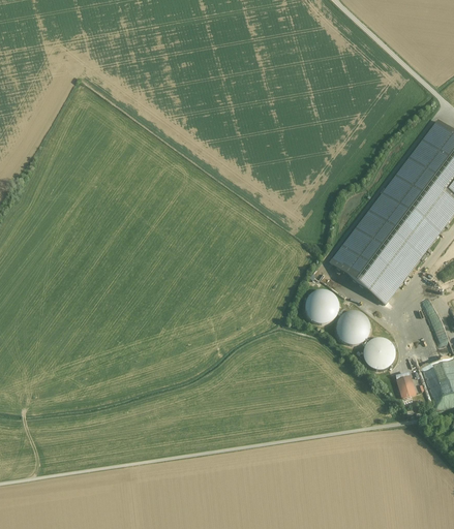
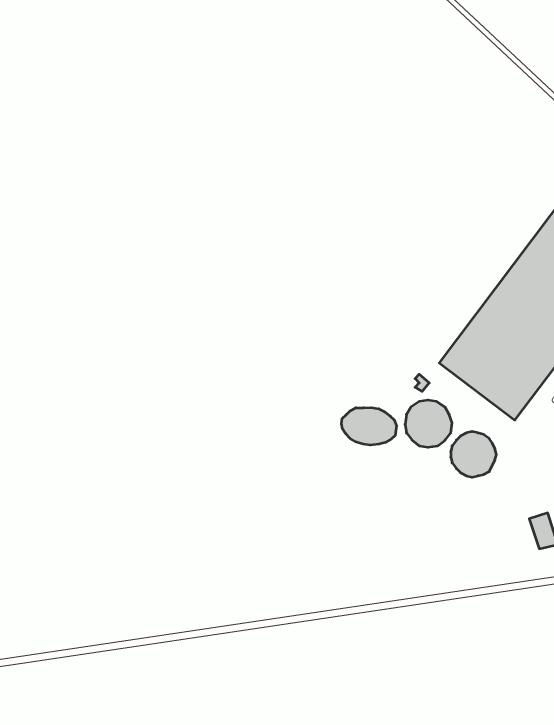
building: none -> [341,408,397,445]
building: [363,338,395,369] -> none

